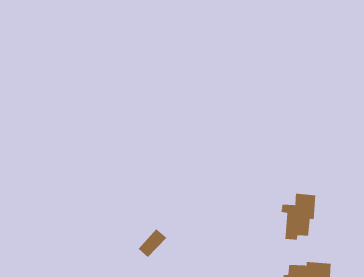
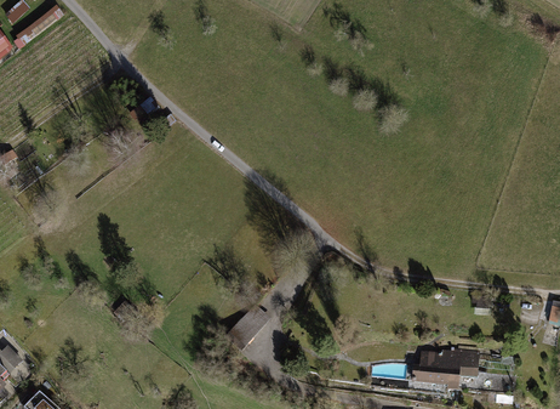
building: [281,193,316,240] -> none

